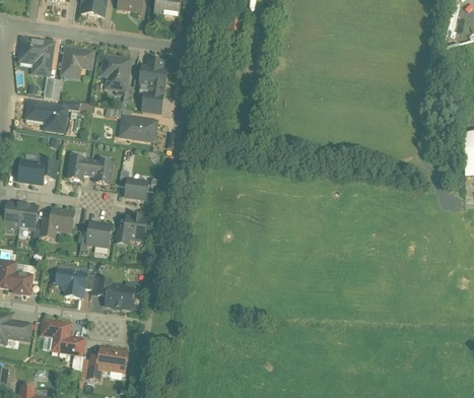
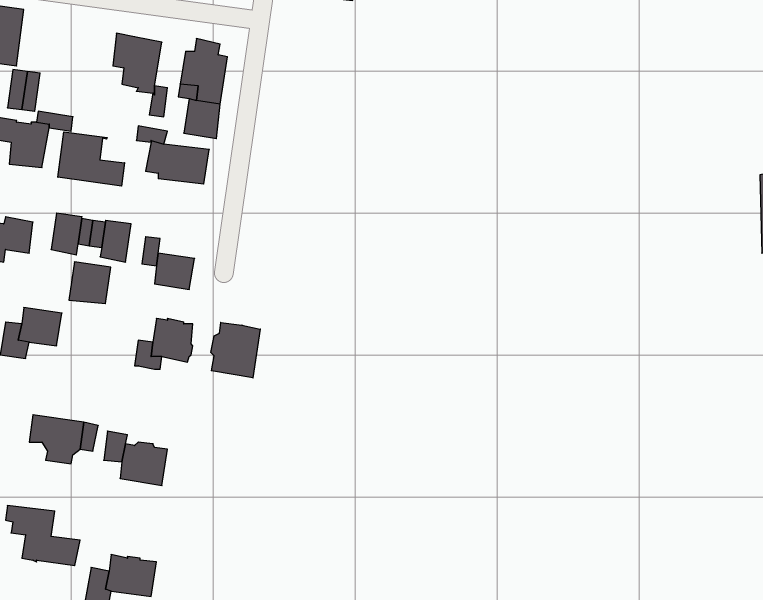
building: [61,48,92,77] -> none
building: none -> [58,132,125,186]
building: none -> [211,322,260,378]
building: [86,222,110,246] -> [69,262,111,304]

